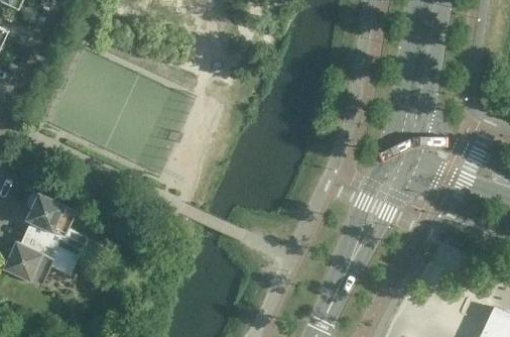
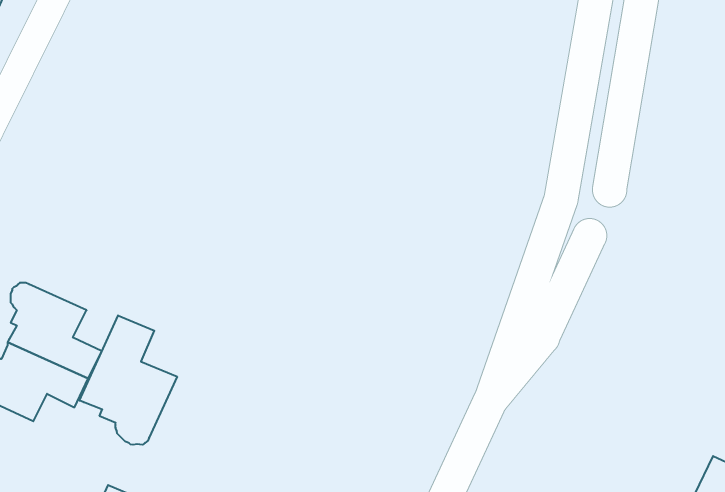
building: none -> [79,315,177,445]

